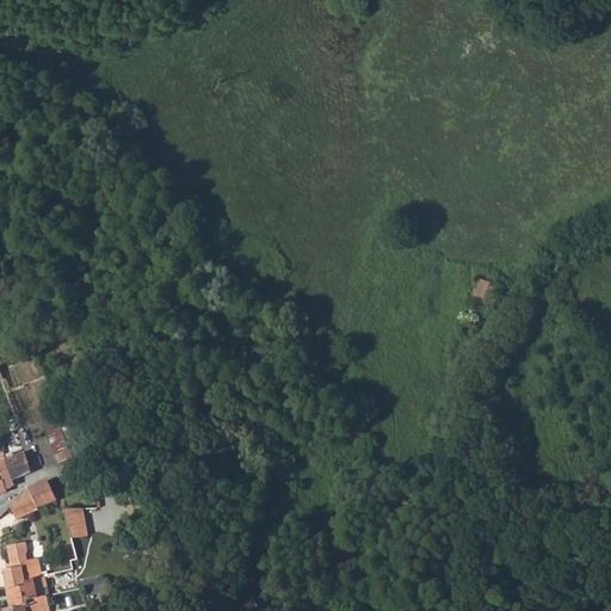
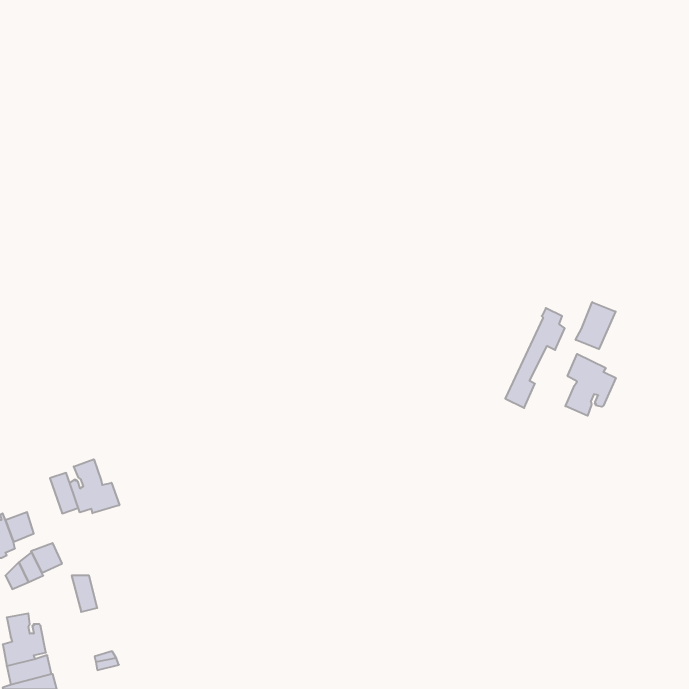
building: none -> [576,302,616,349]
building: none -> [565,354,616,416]
building: none -> [70,459,119,513]

